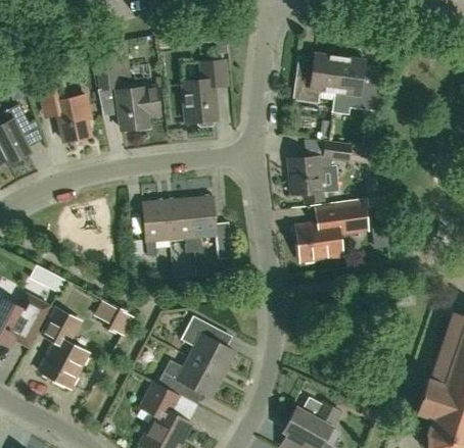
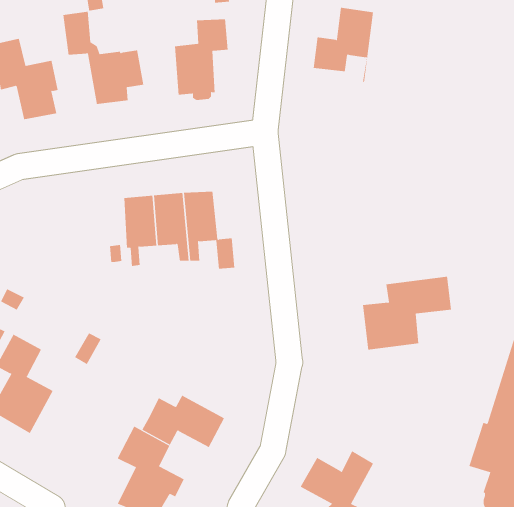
building: [333,57,377,114] -> none
building: [290,142,351,202] -> none
building: [295,203,366,261] -> [362,276,452,350]
building: [181,316,235,377] -> none

